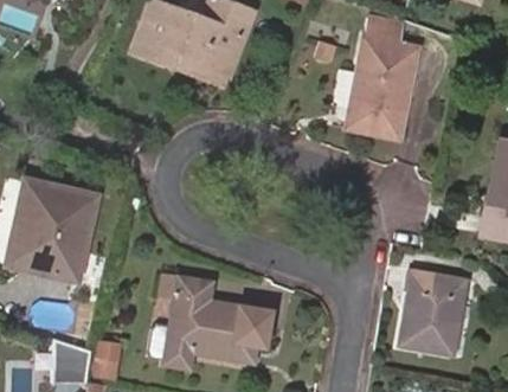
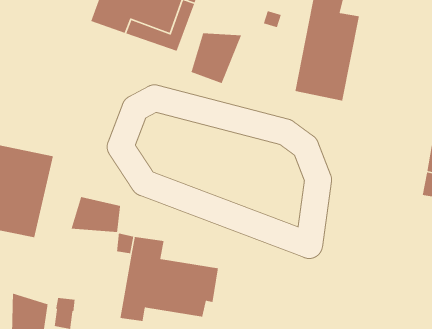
building: none -> [190,32,242,84]
building: none -> [71,196,121,233]
building: [403,274,464,355] -> none

